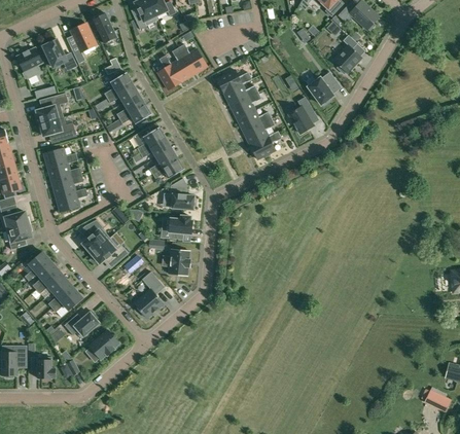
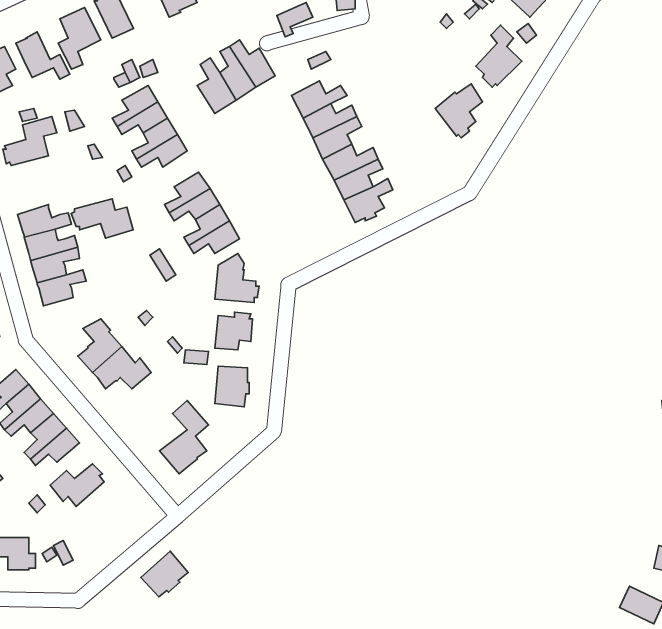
building: [289,97,317,133] -> none
building: [37,116,76,141] -> [71,199,133,238]
building: [89,329,118,358] -> [141,551,188,597]

